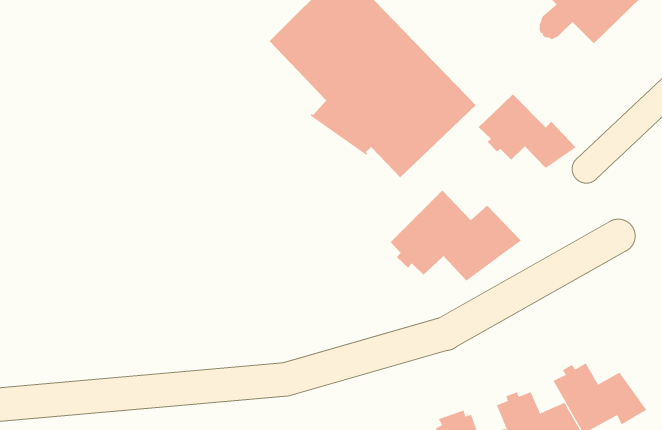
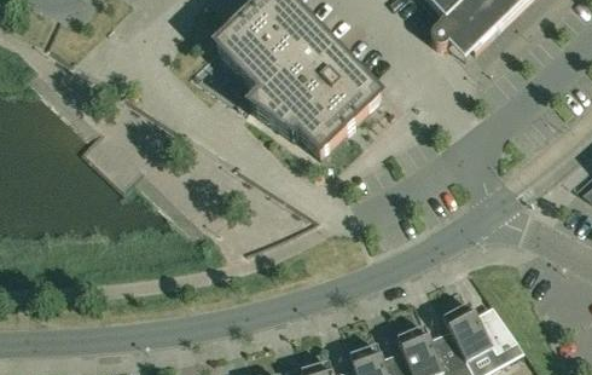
building: [478,94,577,169] -> none
building: [390,190,522,281] -> none

